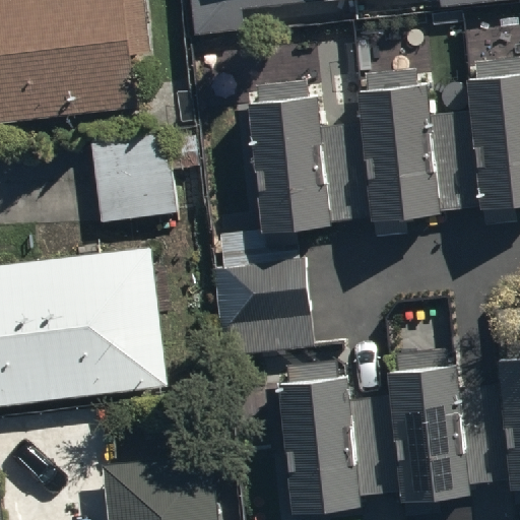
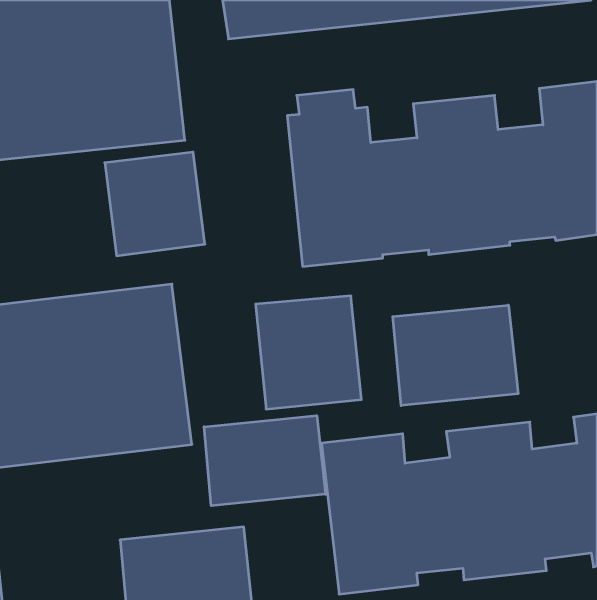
building: none -> [393,305,518,406]
building: none -> [204,416,325,506]

